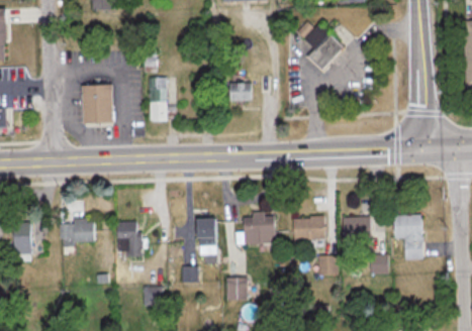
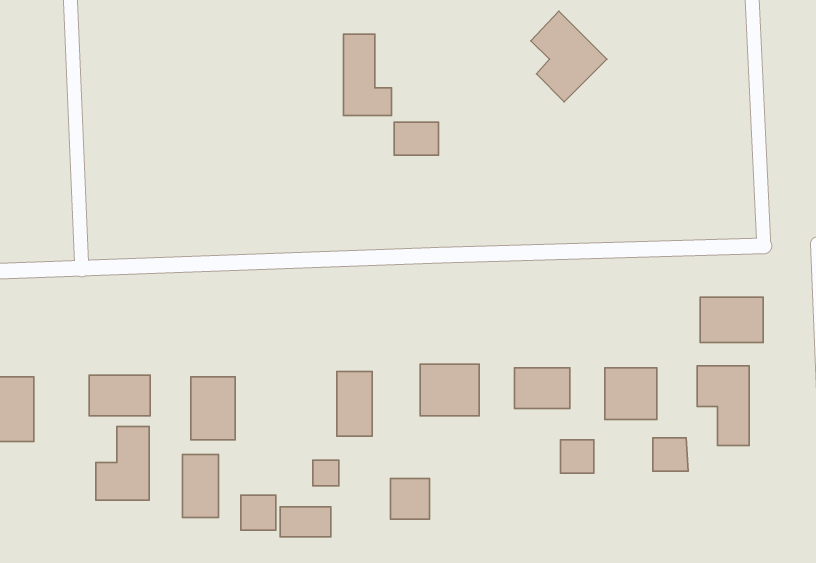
building: [150,78,176,122] -> [343,34,391,116]
building: [81,85,113,124] -> none
building: none -> [700,297,763,343]
building: none -> [96,427,149,500]
building: none -> [182,455,219,517]
building: none -> [280,507,331,537]

